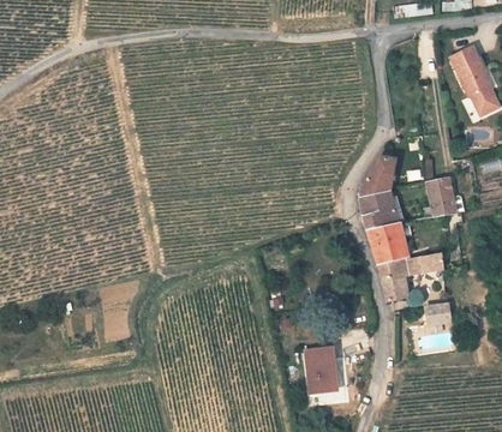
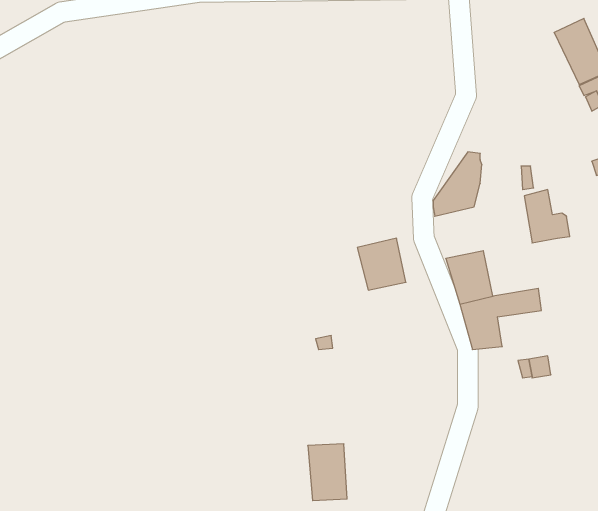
building: [359,191,396,230] -> [357,238,406,290]
building: [305,347,335,390] -> [308,444,347,501]

